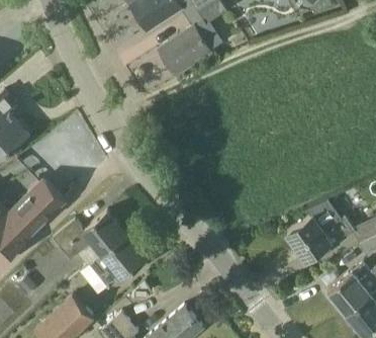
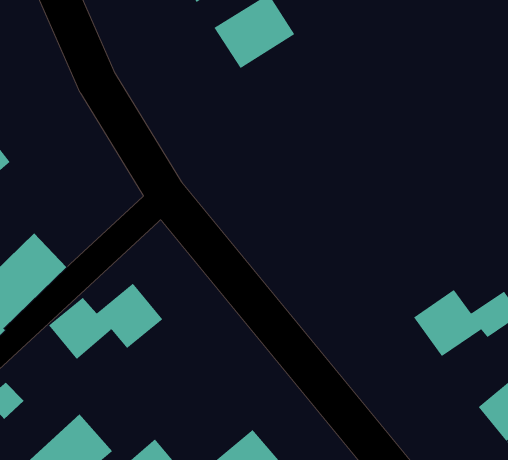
building: [27,115,108,192] -> none
building: [89,236,145,289] -> none

